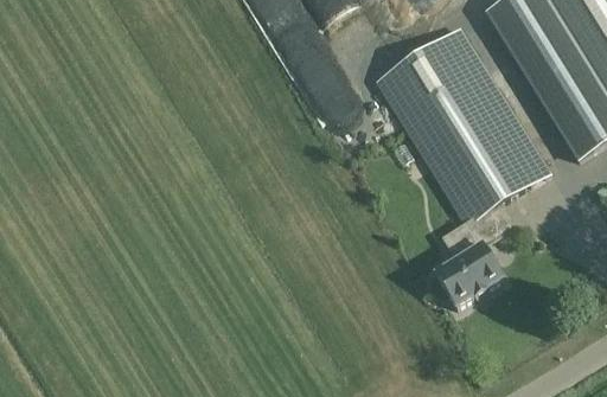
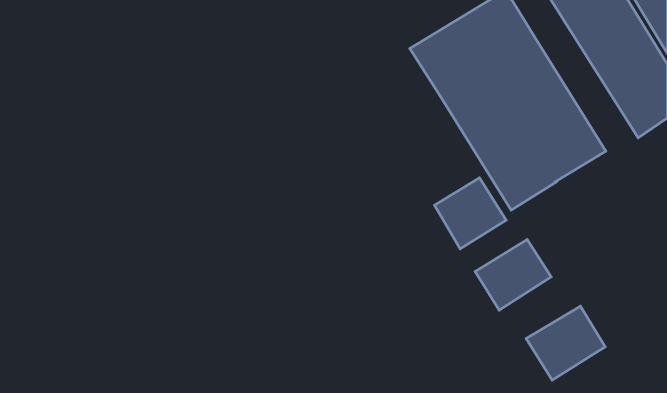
building: none -> [434,178,506,249]
building: none -> [526,306,605,380]

